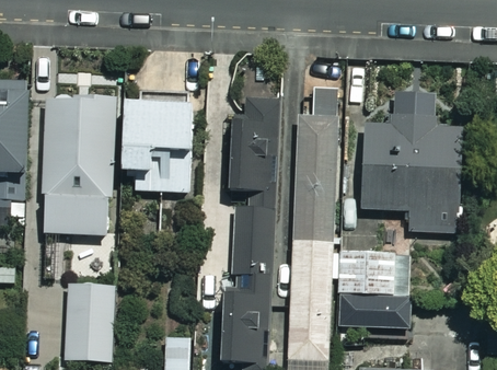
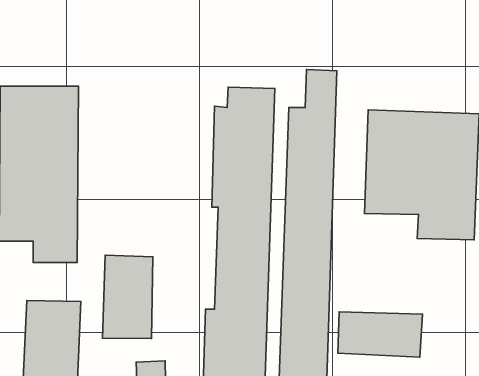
building: [123,100,192,190] -> none
building: none -> [103,255,153,338]
building: [338,250,409,291] -> none

